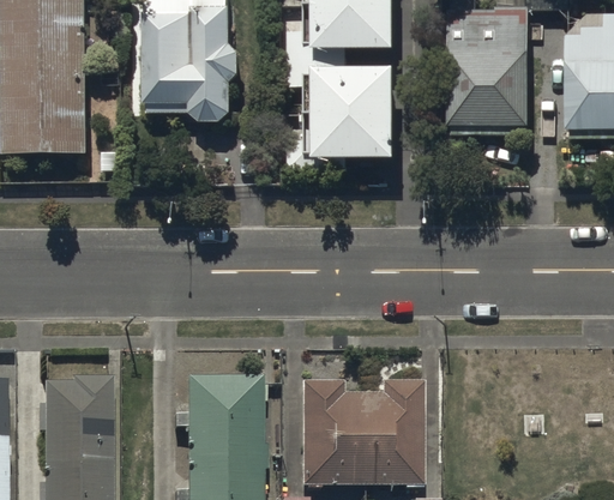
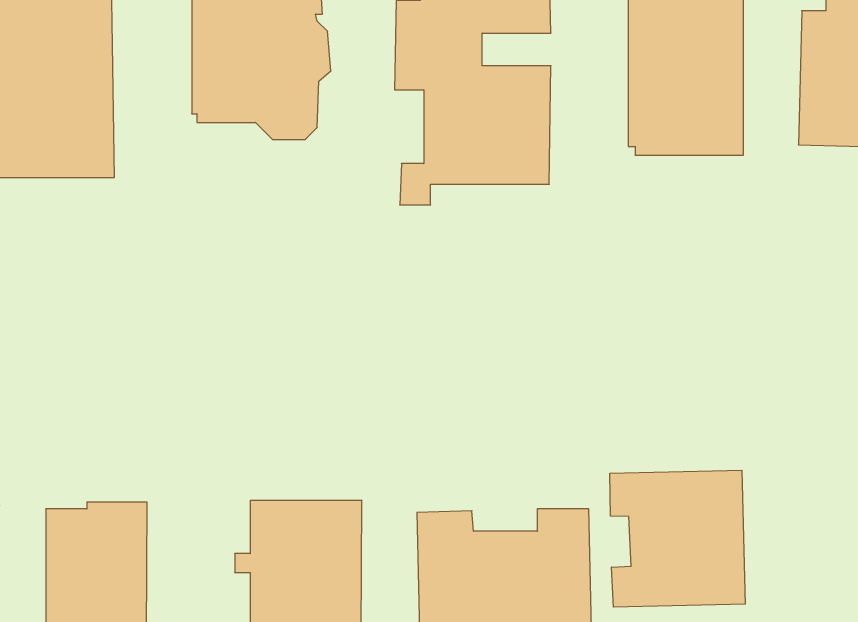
building: none -> [610,470,745,607]

